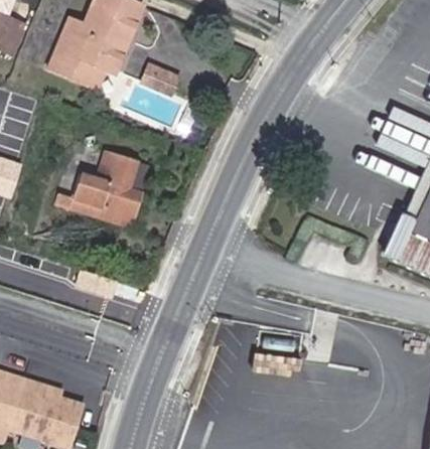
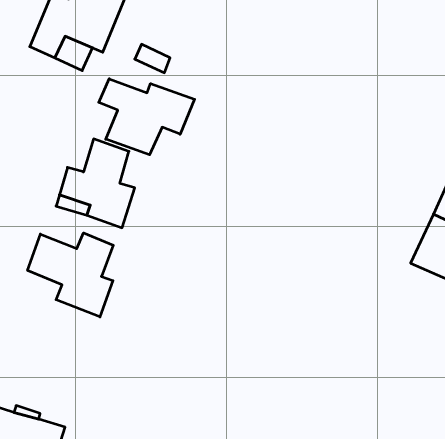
building: none -> [99,79,195,155]
building: none -> [28,233,113,317]

